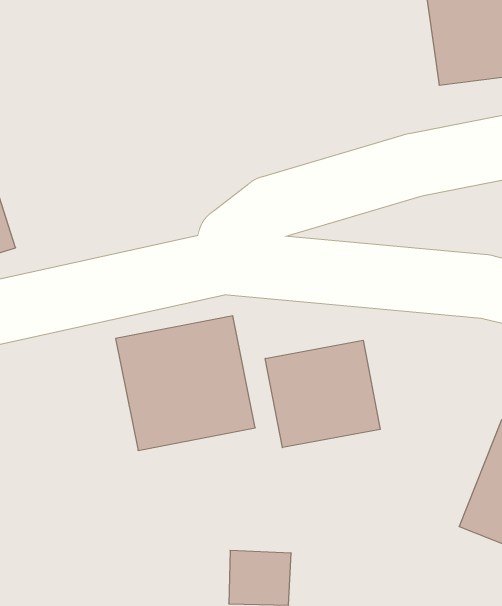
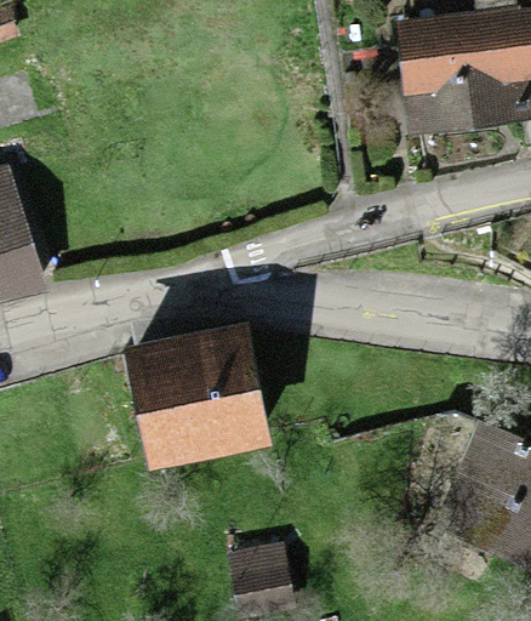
building: [265,340,380,448] -> none

